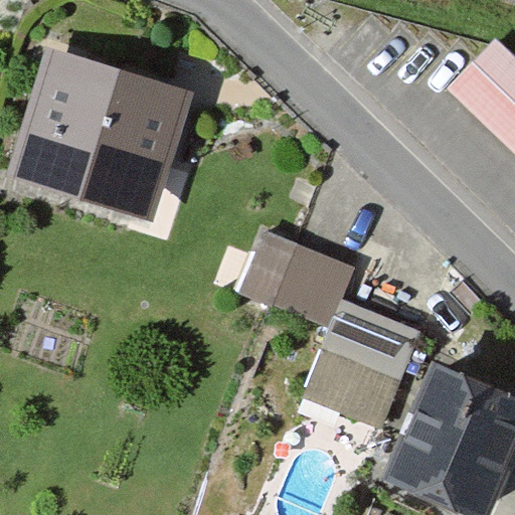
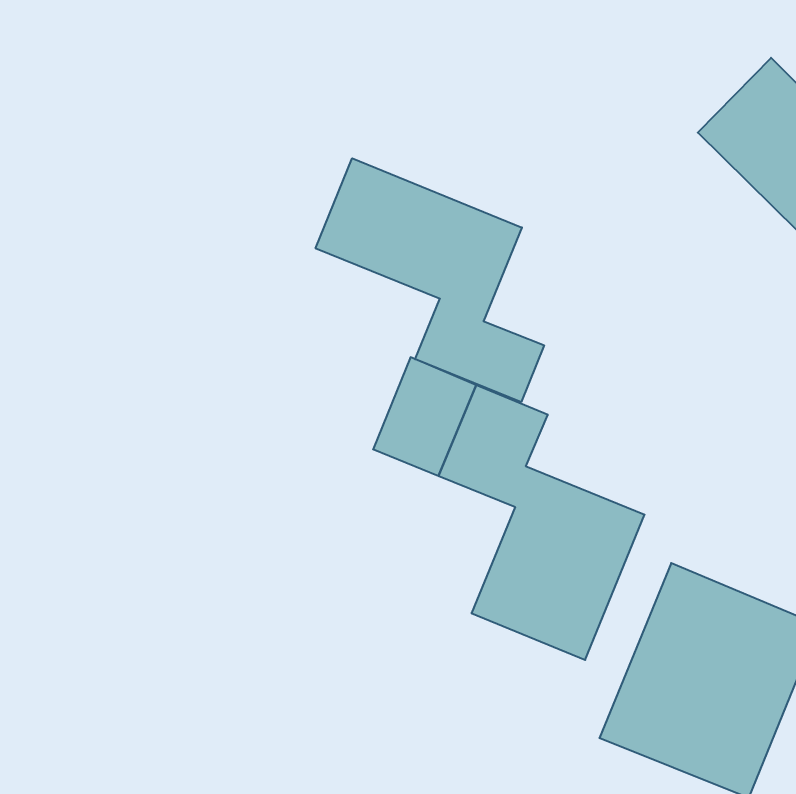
building: [13,50,191,218] -> none
building: none -> [316,158,544,402]

